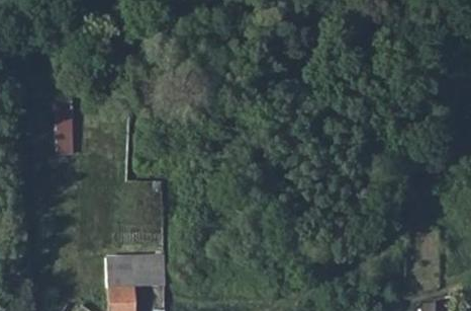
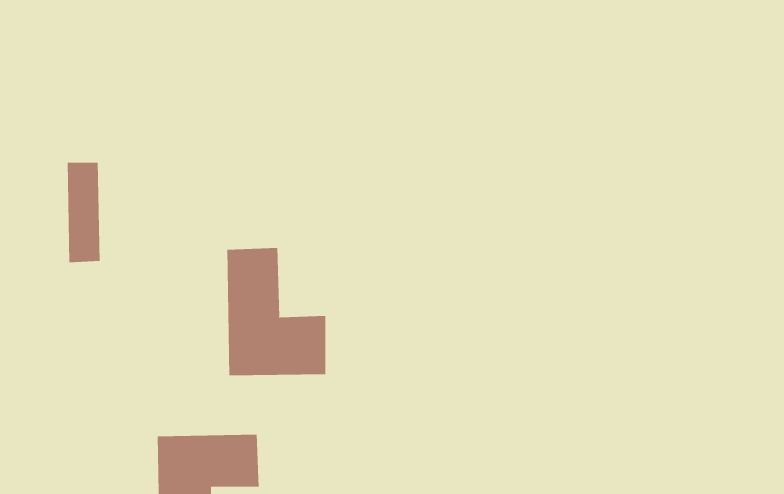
building: none -> [227,247,326,376]

